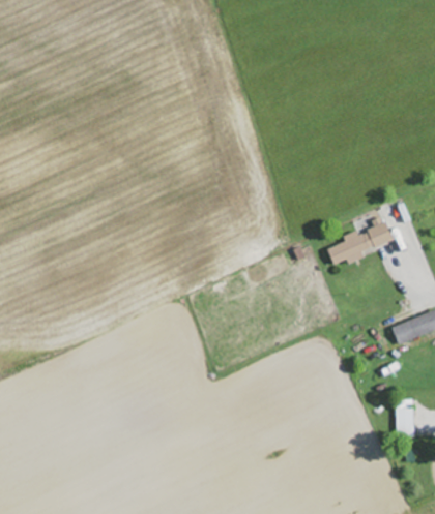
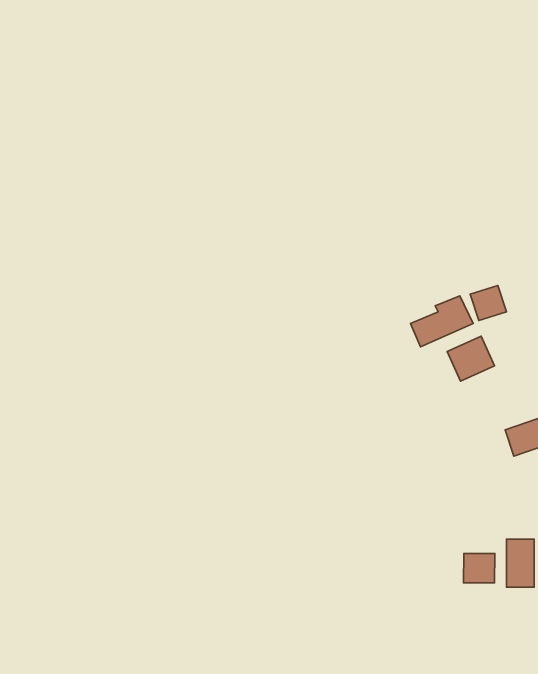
building: none -> [447,336,494,381]
building: none -> [464,554,495,583]

